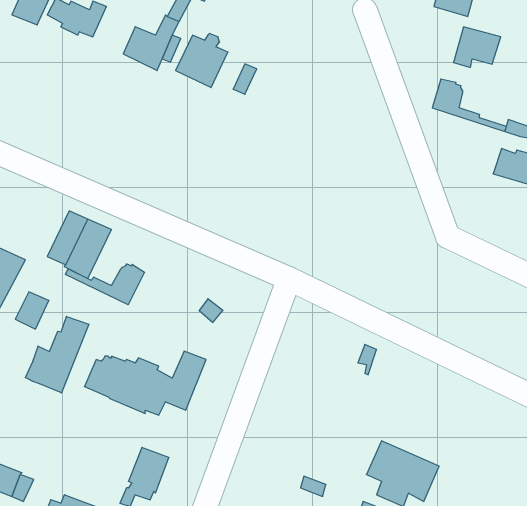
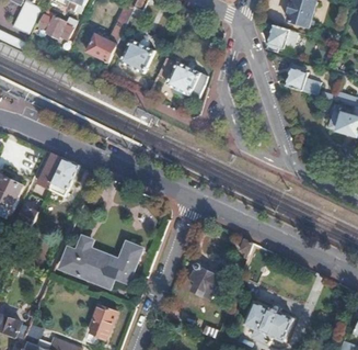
building: [453,27,501,67] -> [265,25,296,52]
building: none -> [166,61,207,97]
building: [66,264,145,305] -> none
building: [25,316,89,393] -> none
building: none -> [187,263,223,298]

